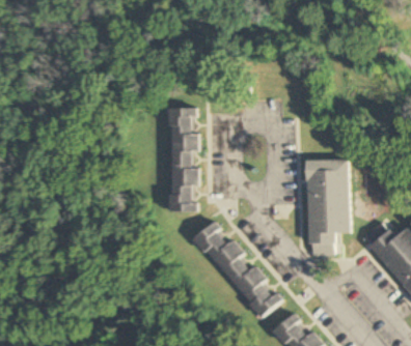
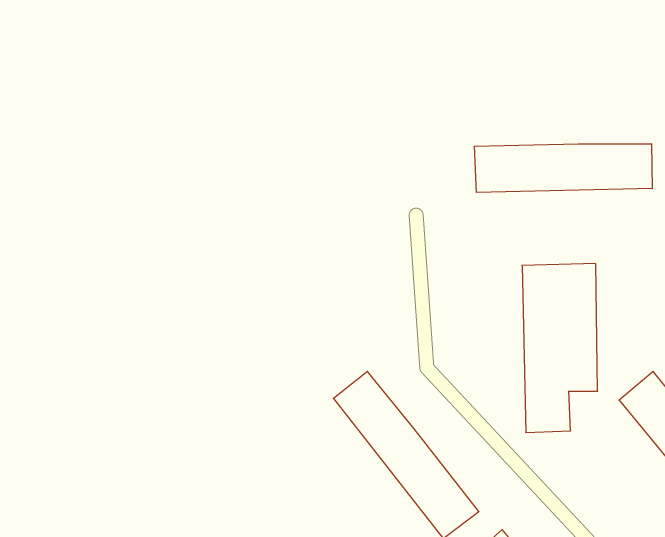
building: none -> [474,144,652,192]
building: [170,108,200,212] -> none

